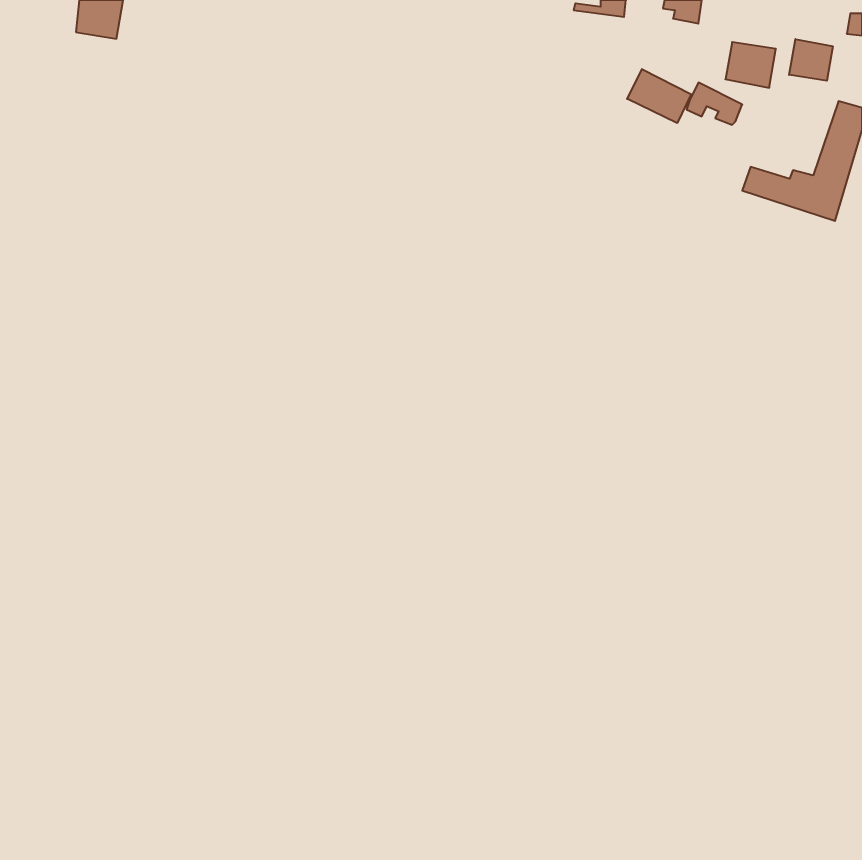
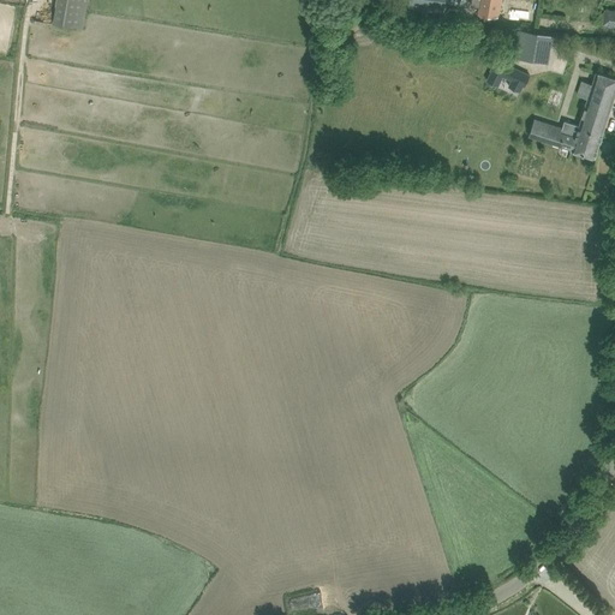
building: [789,39,833,81] -> none
building: [627,69,691,123] -> none

